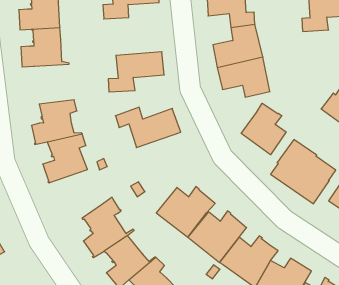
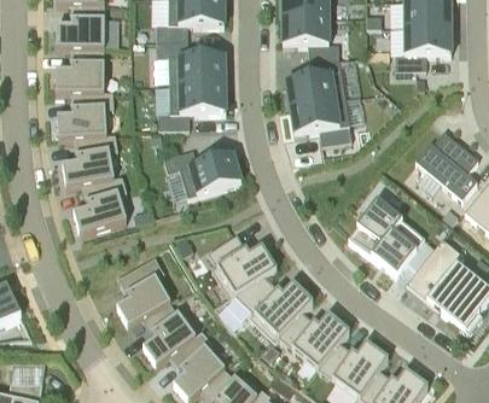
building: none -> [157,40,225,84]
building: none -> [57,92,116,138]
building: [241,103,286,155] -> none

